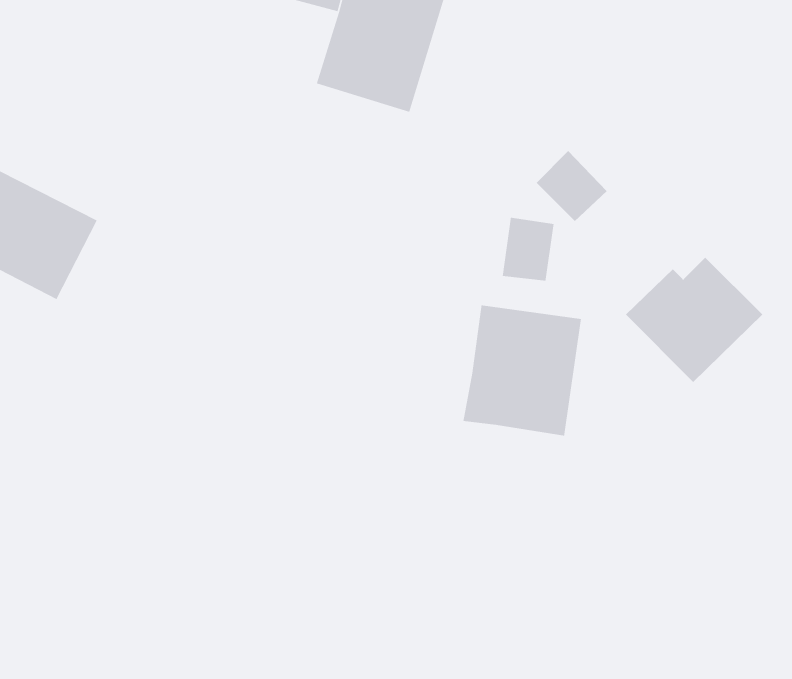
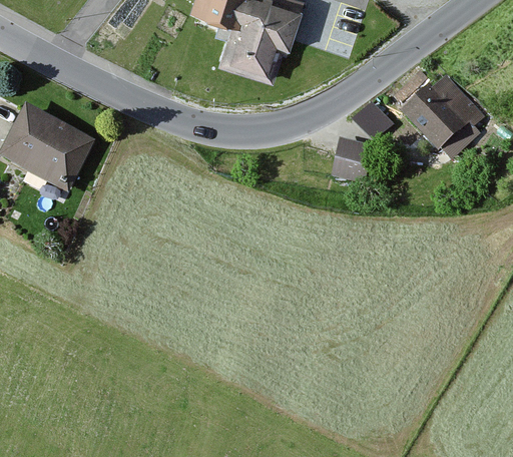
building: [625,257,763,383] -> [401,77,482,151]
building: [463,304,582,436] -> none

